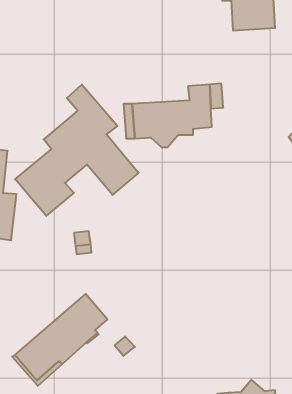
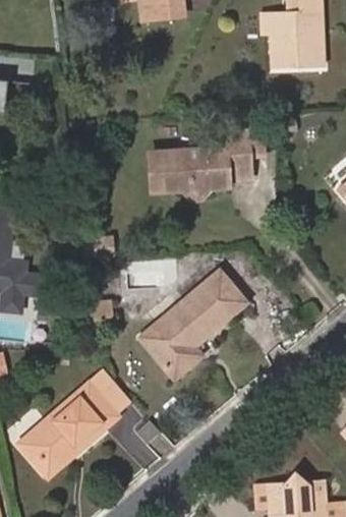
building: [15,84,139,216] -> none
building: none -> [139,272,245,378]

